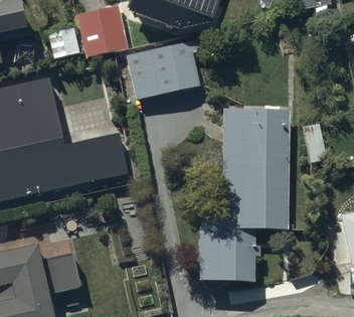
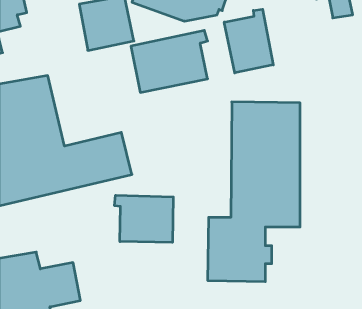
building: none -> [224,9,273,73]
building: none -> [115,195,173,242]

